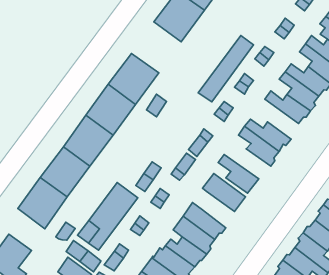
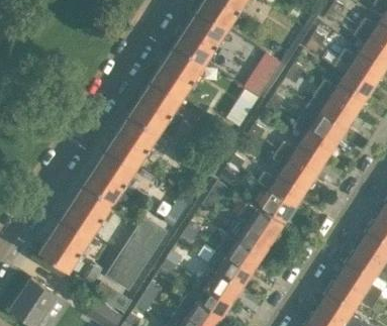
building: none -> [153,42,205,97]
building: none -> [292,119,335,160]
building: none -> [258,172,308,205]
building: none -> [226,218,272,259]

